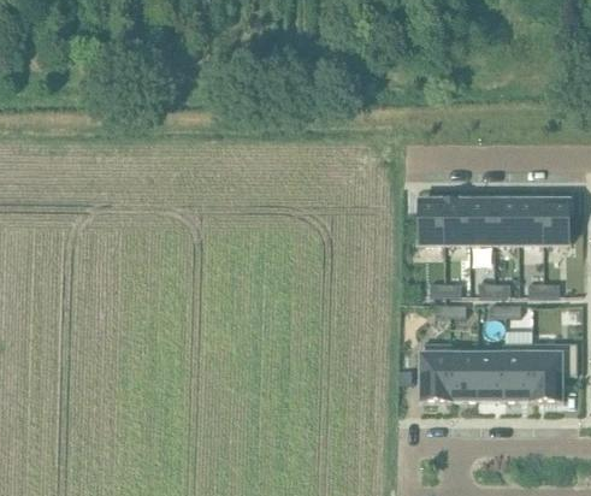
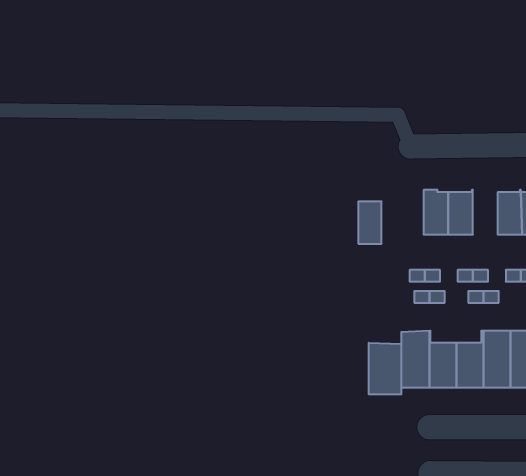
building: [494,197,519,243] -> none
building: [419,200,443,243] -> [358,201,382,244]
building: none -> [369,343,401,394]

